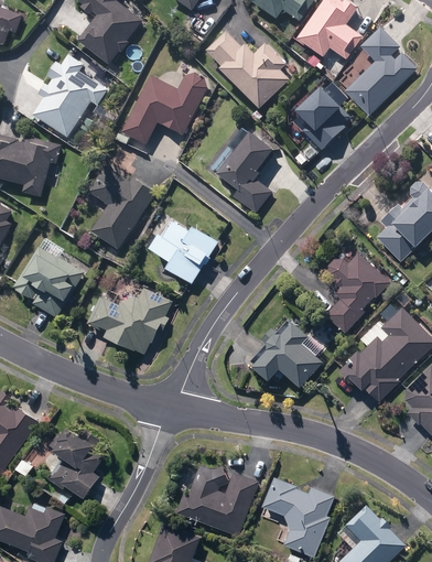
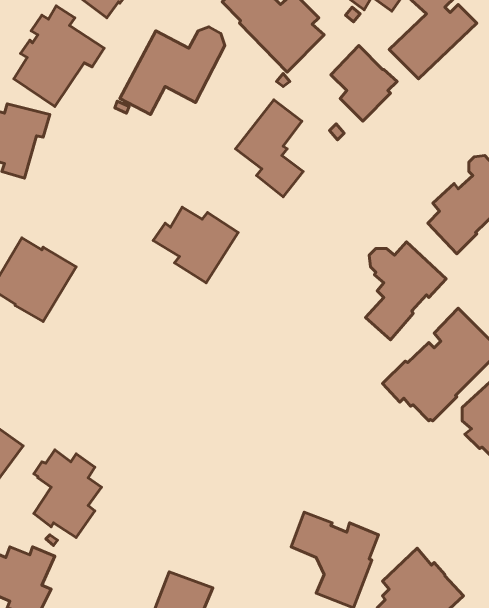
building: [88,166,155,250] -> none
building: [87,289,172,355] -> none
building: [251,320,323,387] -> none
building: [176,463,259,534] -> none

